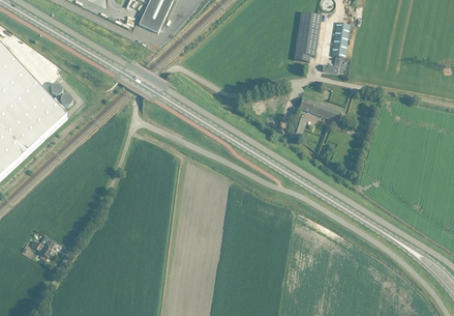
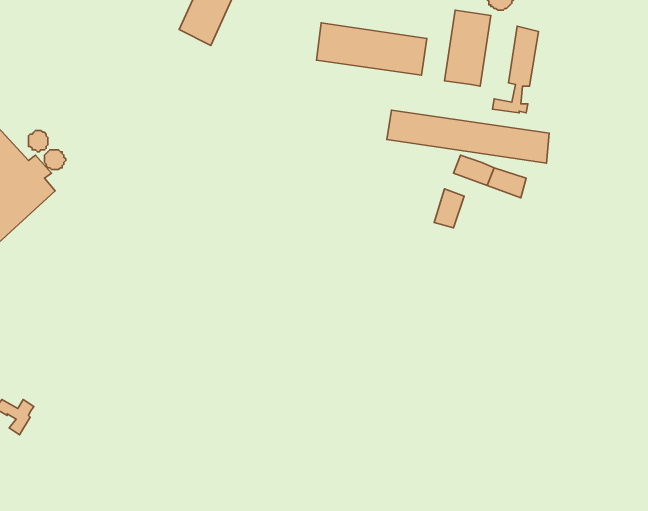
building: none -> [317,23,427,75]
building: none -> [387,110,549,163]

